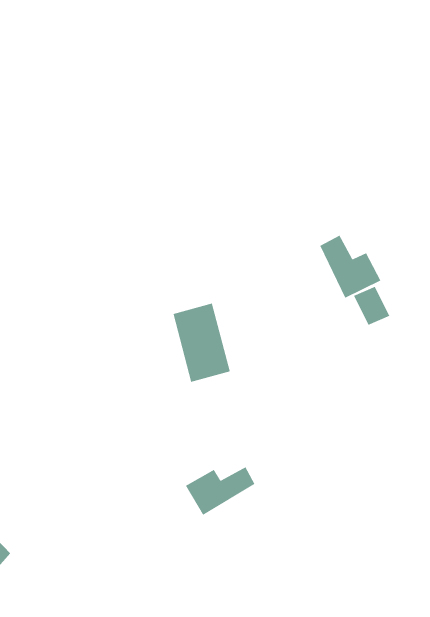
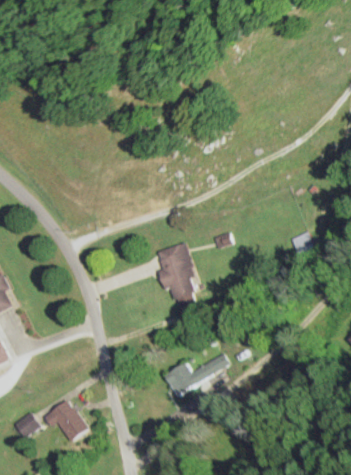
building: [319,234,381,299] -> none
building: none -> [45,399,91,442]

